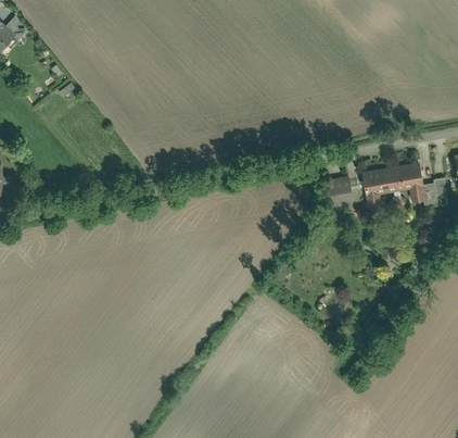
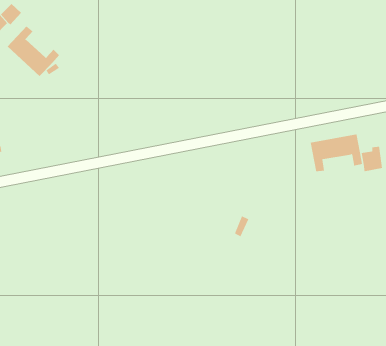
building: none -> [7,26,60,77]
building: [329,177,354,200] -> none

